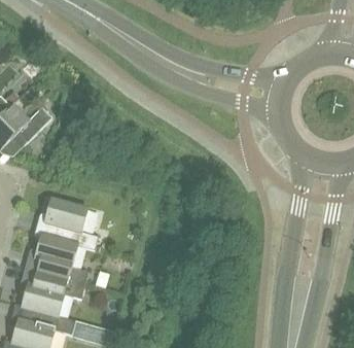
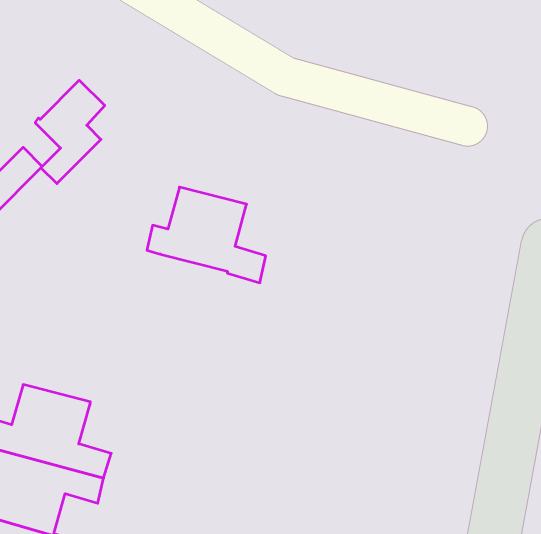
building: none -> [35,80,105,184]
building: [34,199,98,250] -> [147,187,266,283]

